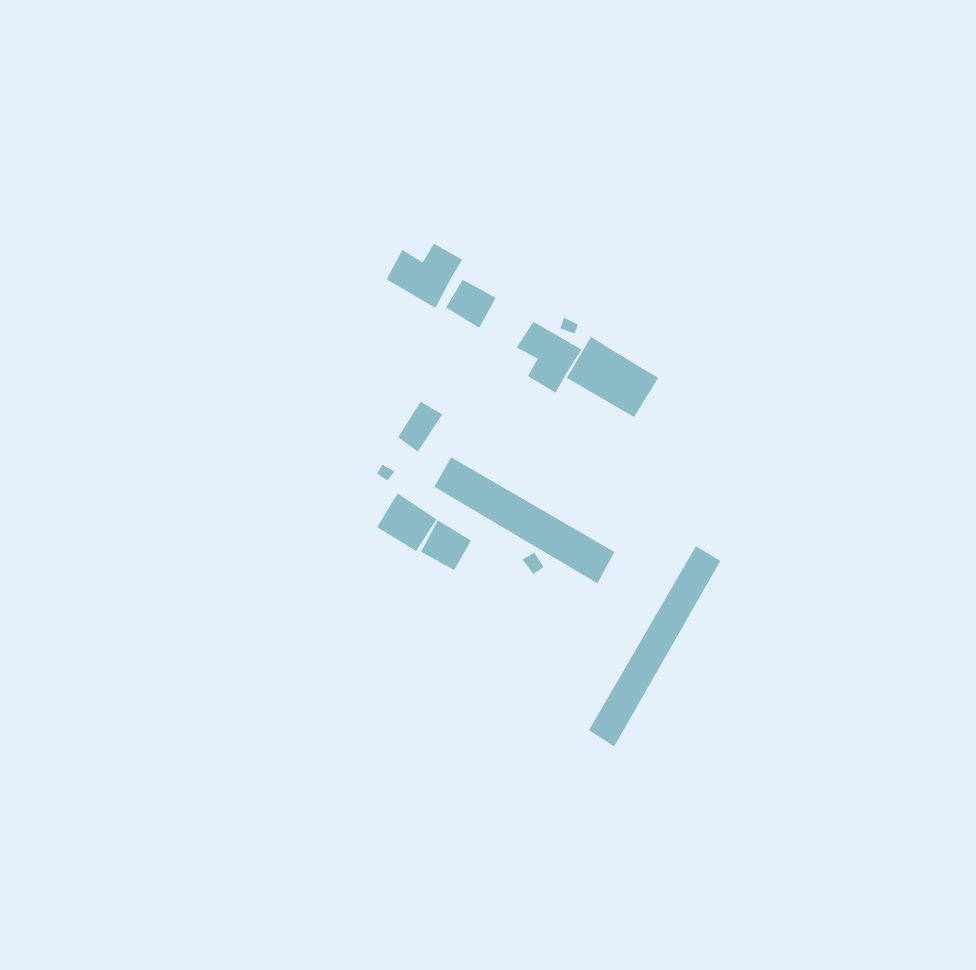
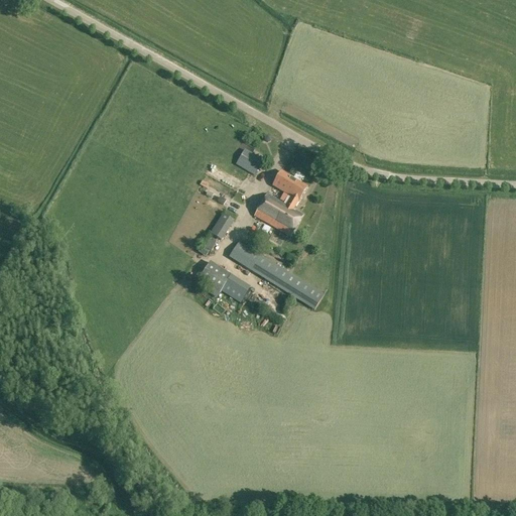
building: [386,243,463,309] -> none
building: [566,336,659,418] -> [254,191,303,235]
building: [588,545,721,747] -> none

